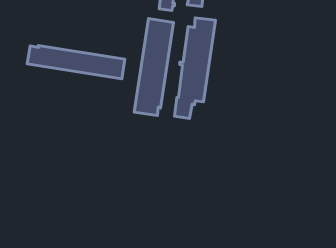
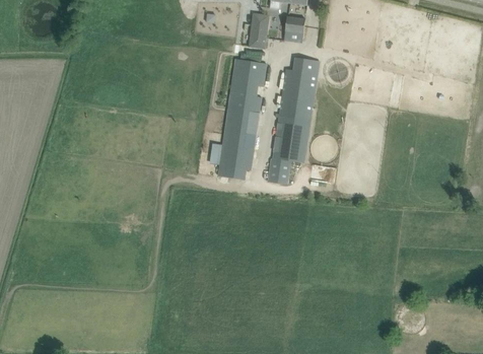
building: [27,45,125,79] -> none

